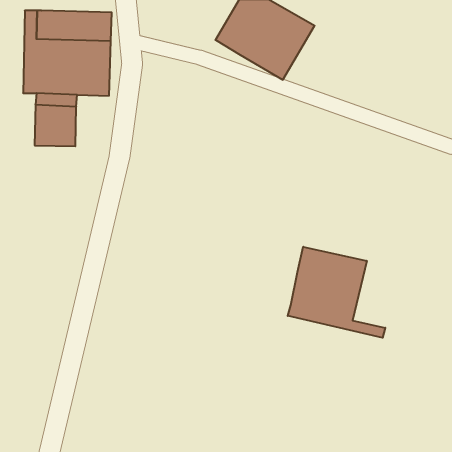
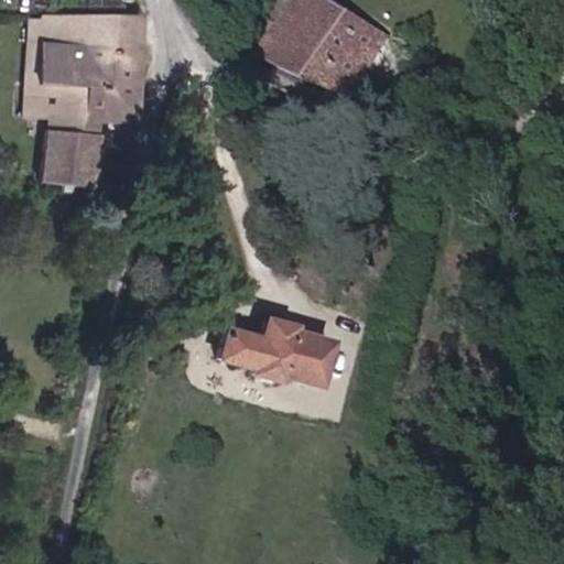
building: [288,247,385,338] -> none
building: none -> [219,318,334,382]

